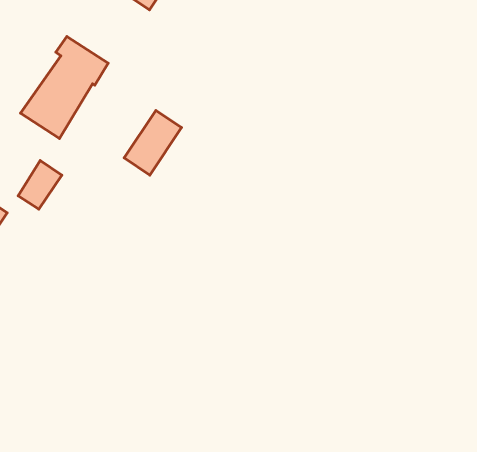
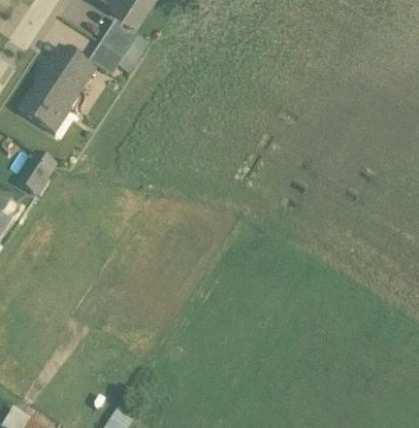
building: [124,111,181,175] -> [89,20,137,74]

